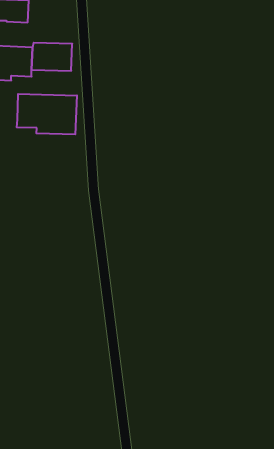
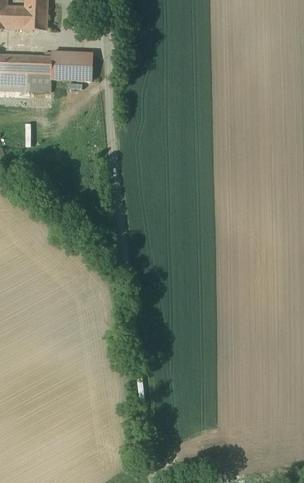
building: [17,94,77,134] -> none

